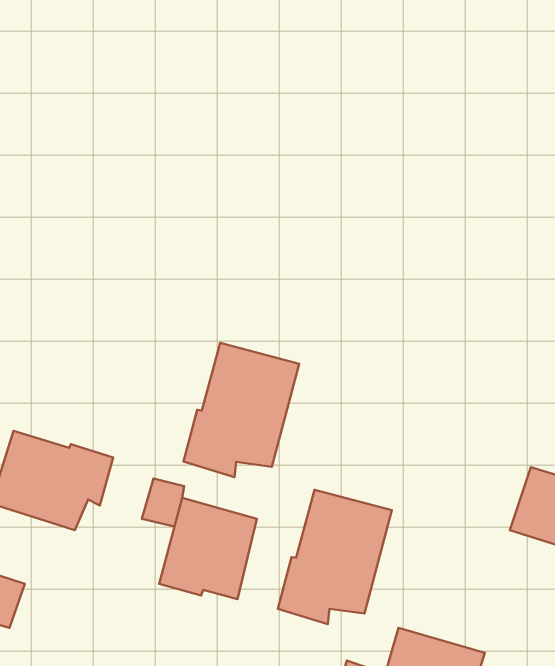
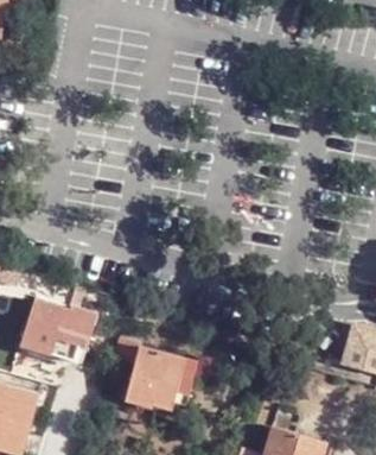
building: [184,343,299,477] -> none
building: [278,490,392,624] -> none

